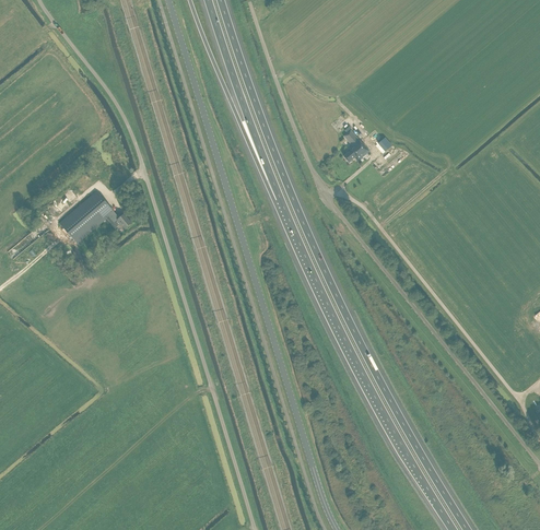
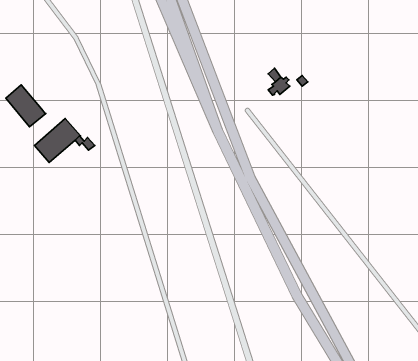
building: none -> [6,85,46,127]

